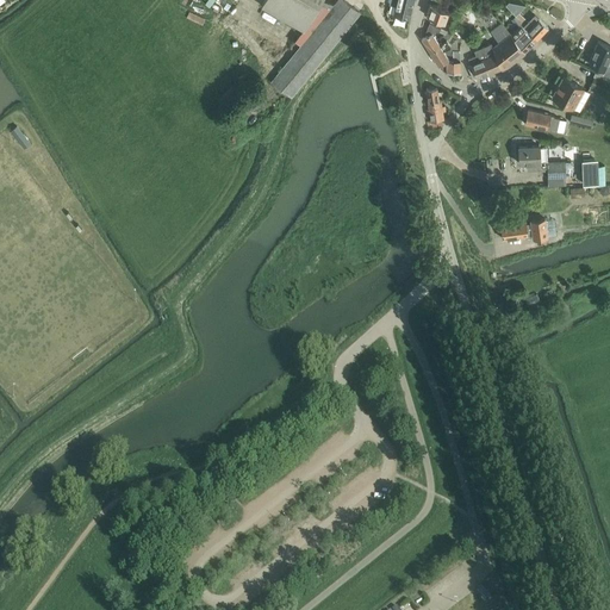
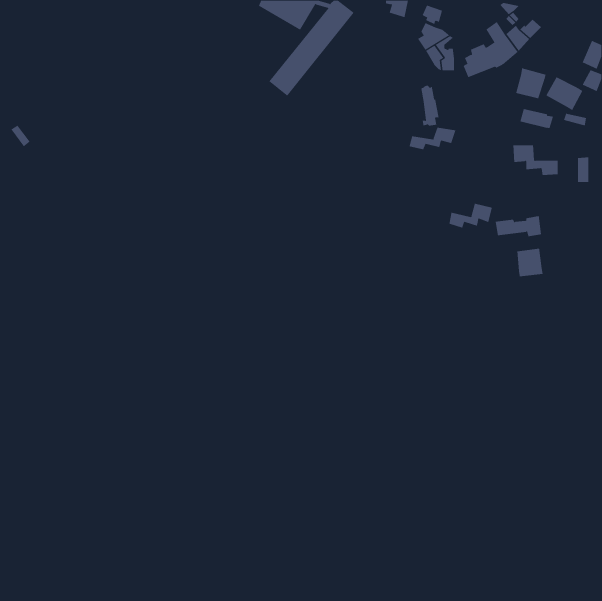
building: none -> [516,68,546,99]
building: none -> [409,127,456,150]
building: none -> [449,203,492,229]
building: none -> [517,248,543,277]

